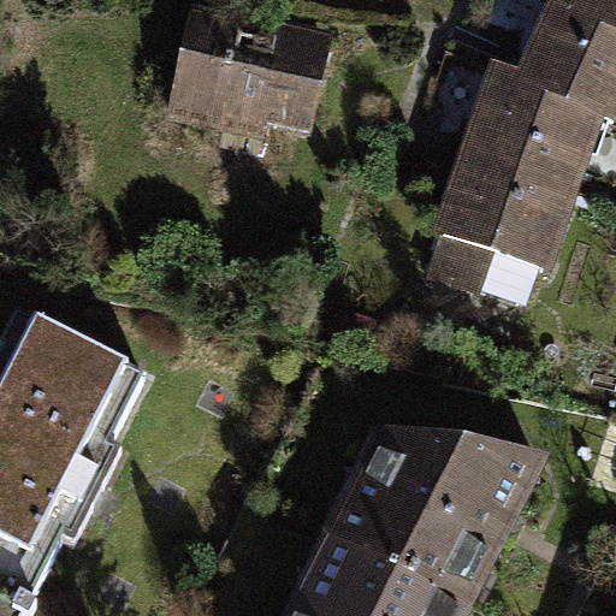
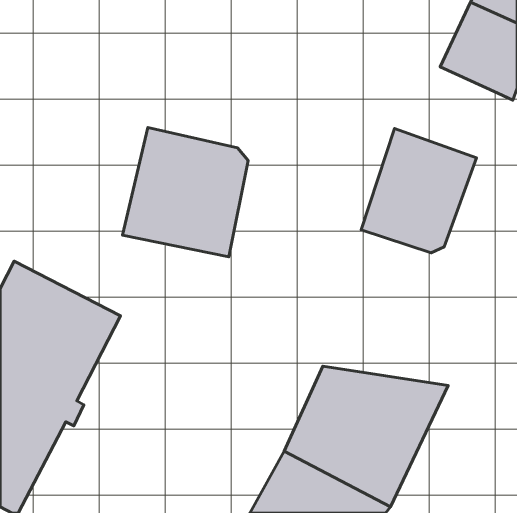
building: [167,13,330,130] -> none
building: [469,69,592,188] -> none
building: none -> [122,128,248,257]

